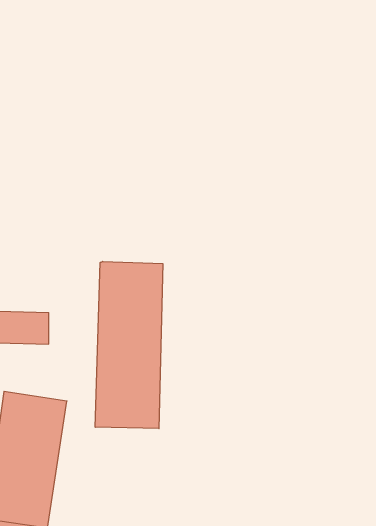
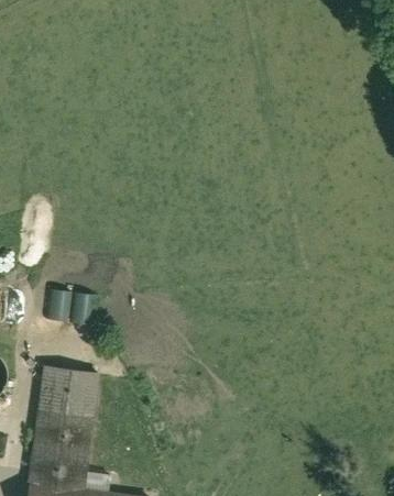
building: [95,261,163,429] -> none

